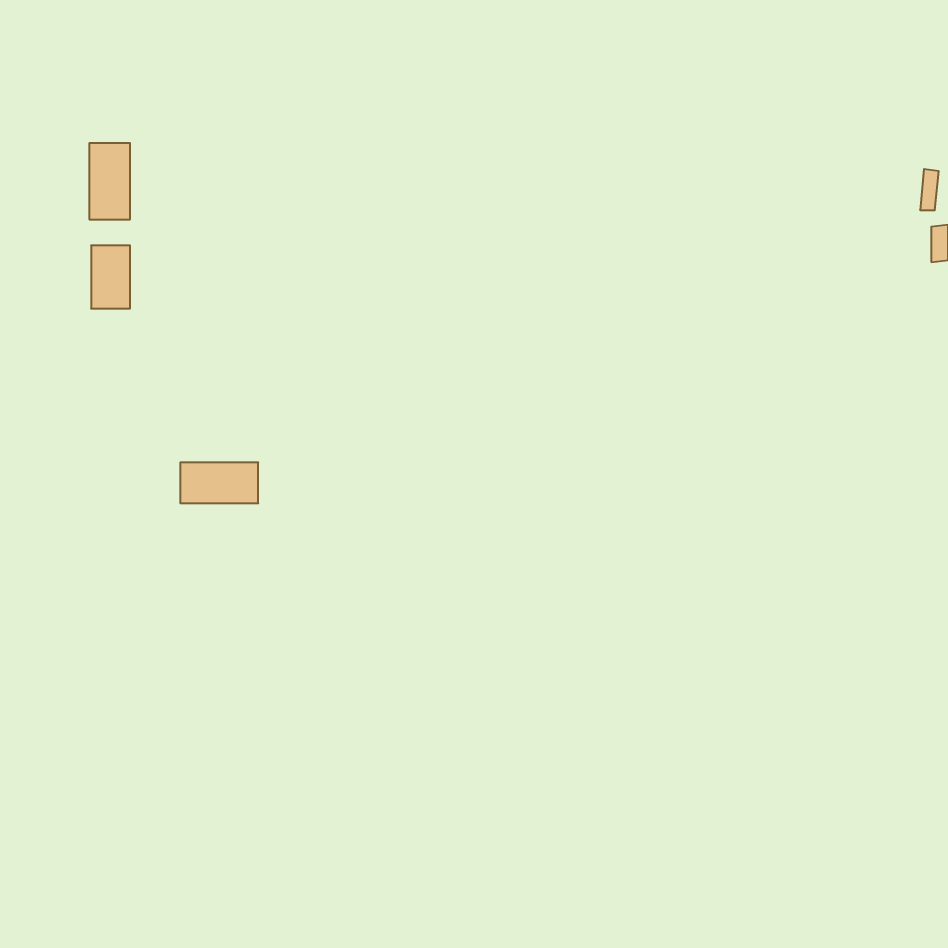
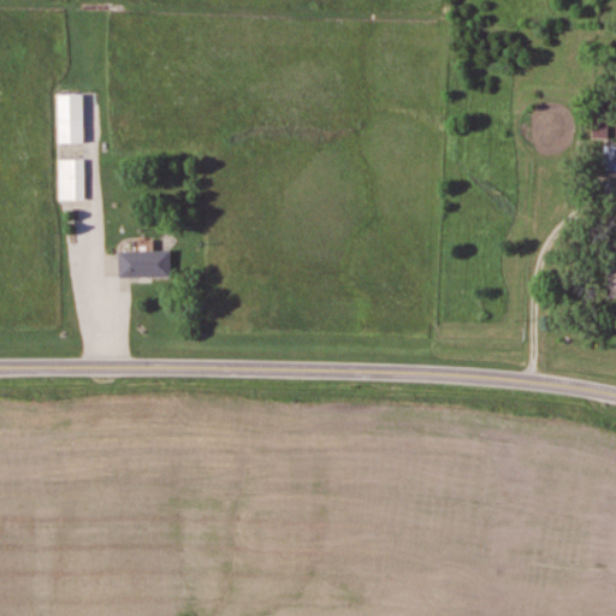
building: [180,462,258,503] -> [120,251,171,278]

